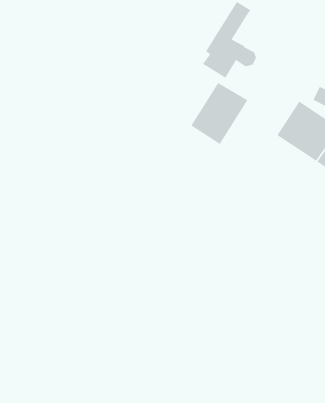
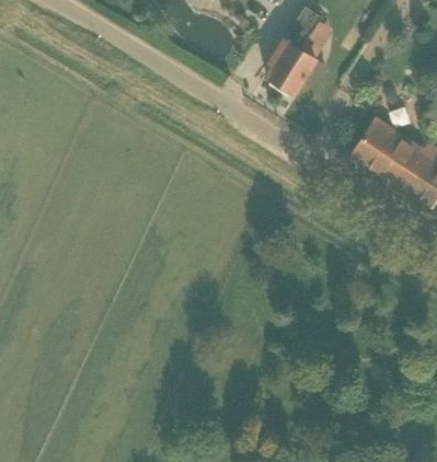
building: [190,82,248,145] -> none

